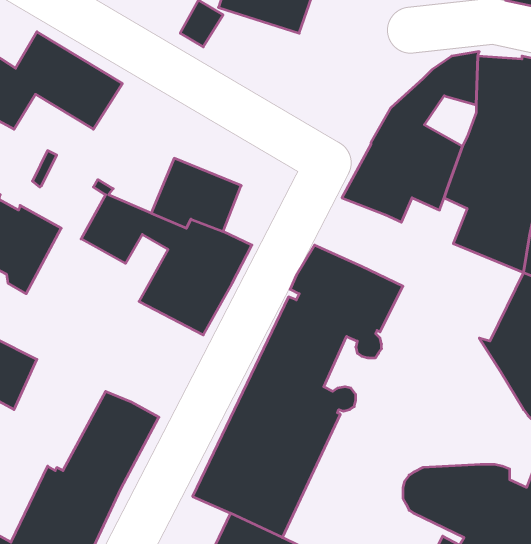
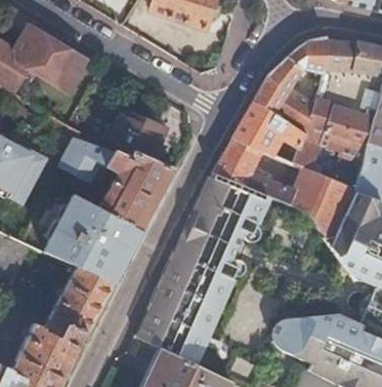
building: none -> [216,138,356,234]
building: none -> [43,194,141,285]

